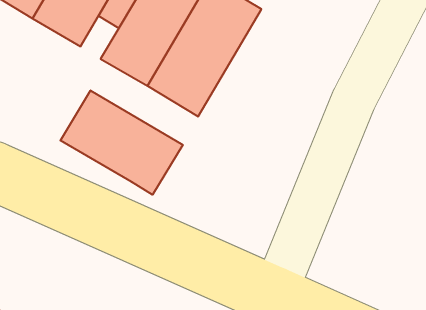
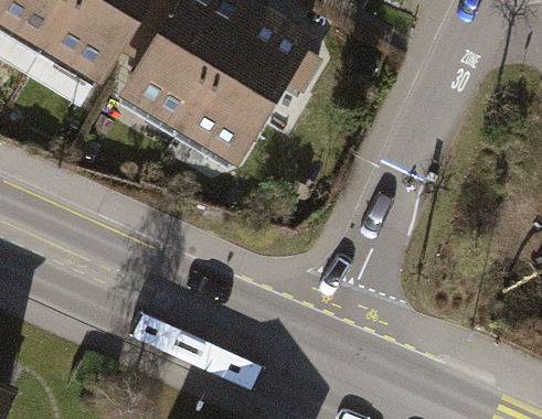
building: [60,90,183,195] -> none

